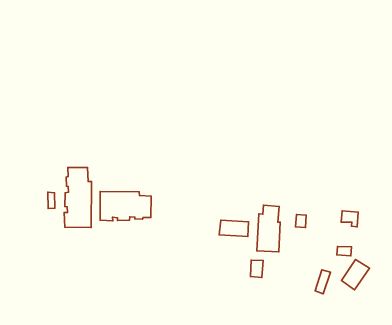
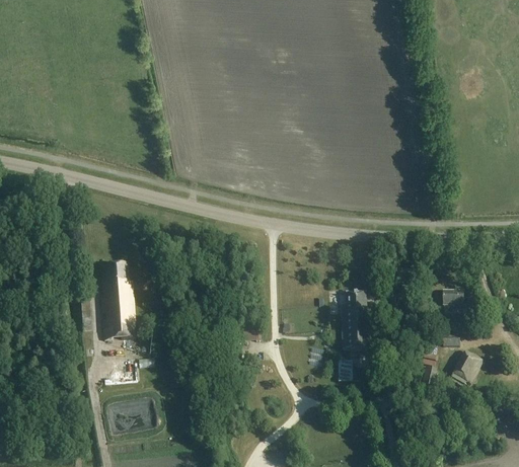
building: [100,192,151,221] -> none
building: [219,220,248,236] -> none

